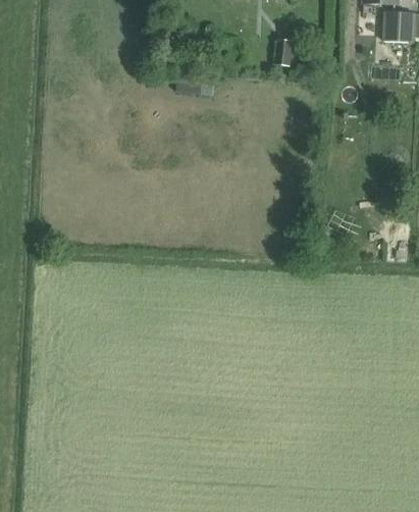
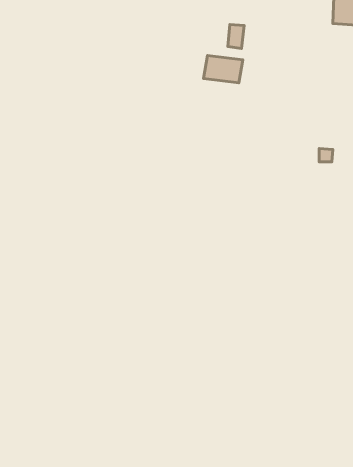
building: none -> [204,56,243,83]

